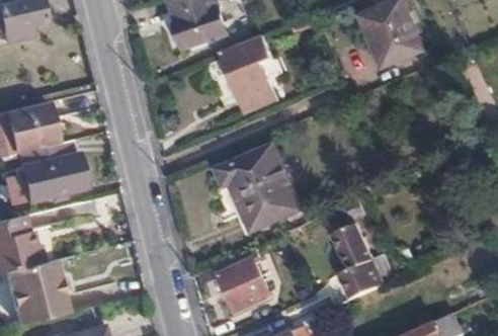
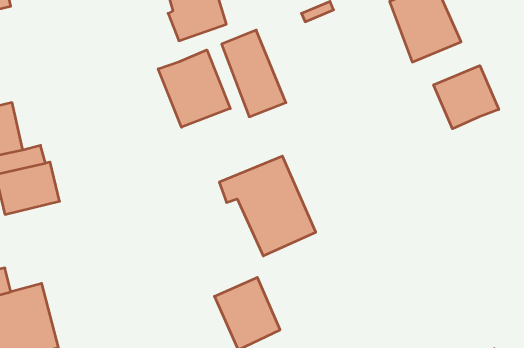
building: none -> [158,50,230,127]
building: none -> [434,66,499,129]
building: [327,227,378,303] -> none

